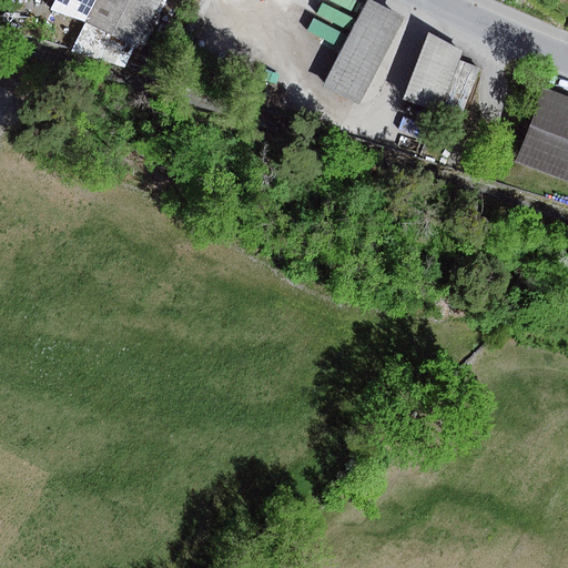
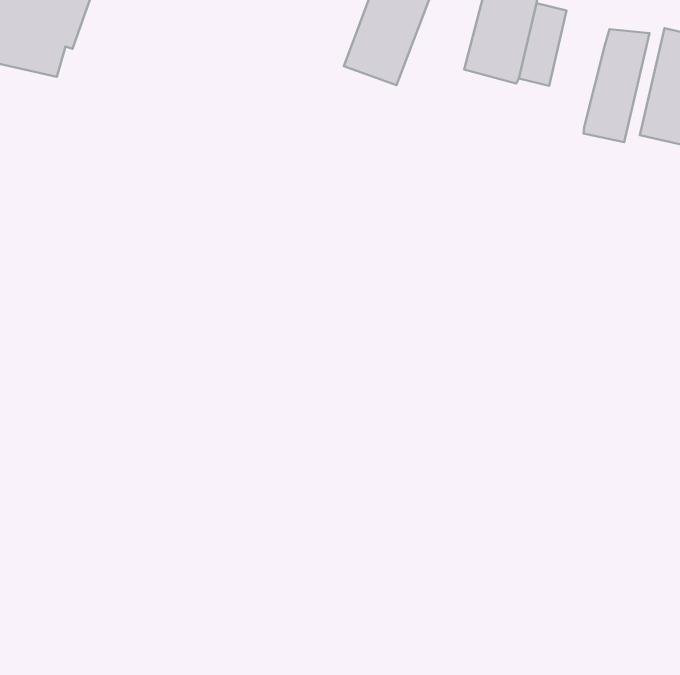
building: none -> [584,29,650,142]

